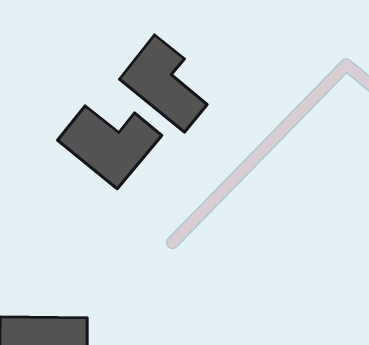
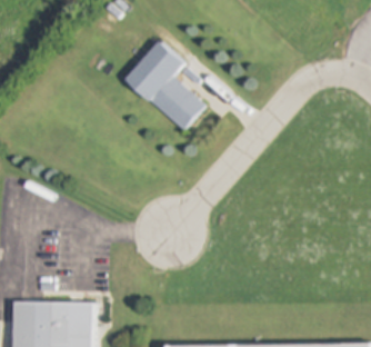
building: [58,106,162,189] -> none

